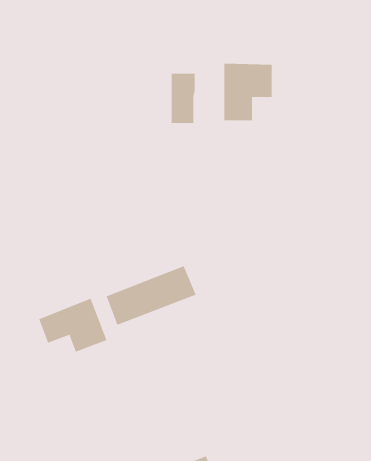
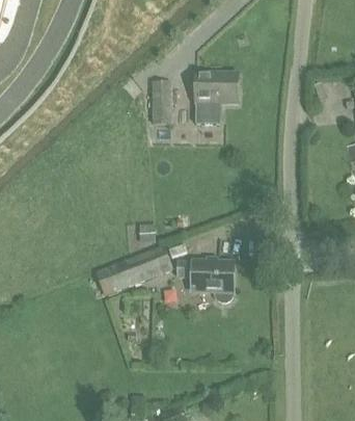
building: none -> [179,260,238,300]
building: [39,298,107,353] -> none

